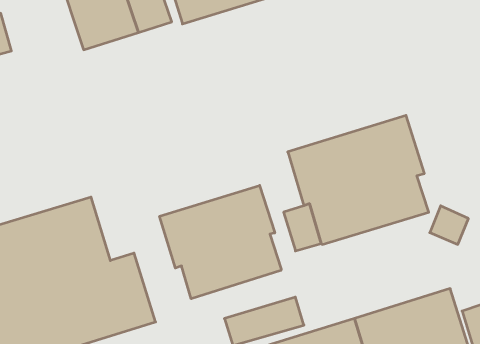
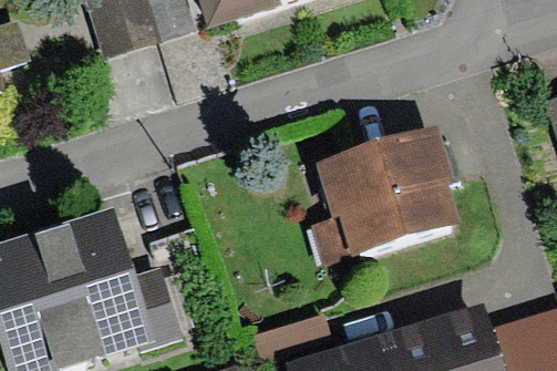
building: [160,185,281,299] -> none

